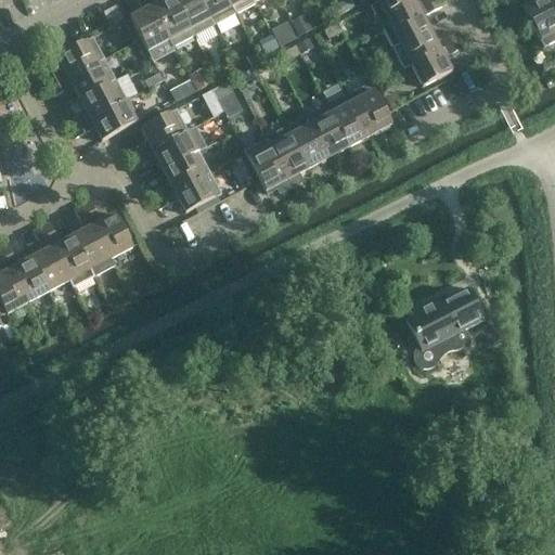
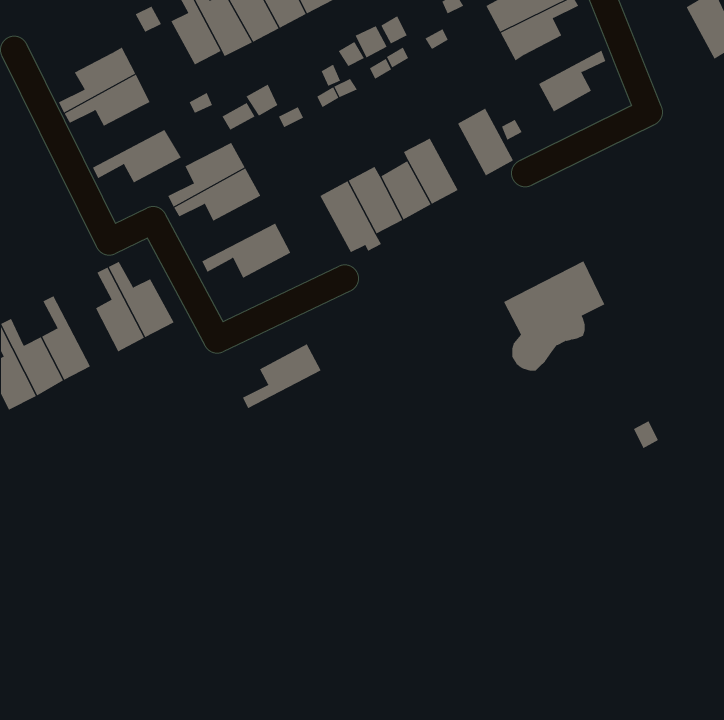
building: [395,27,461,67] -> none
building: [67,78,127,128] -> none
building: [330,94,372,145] -> none
building: [151,150,211,199] -> [242,343,322,409]
building: [42,221,95,287] -> none
building: [406,285,485,370] -> [503,261,605,371]

